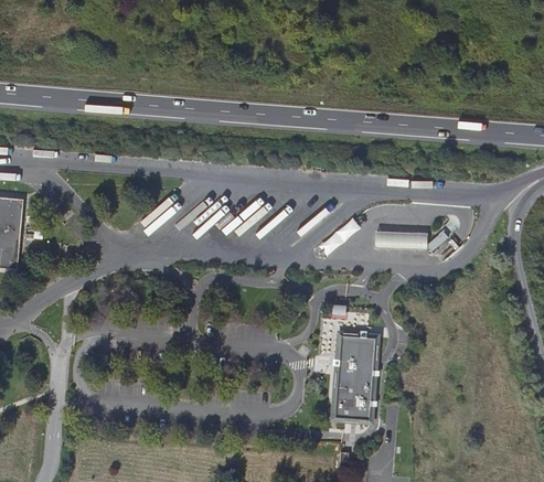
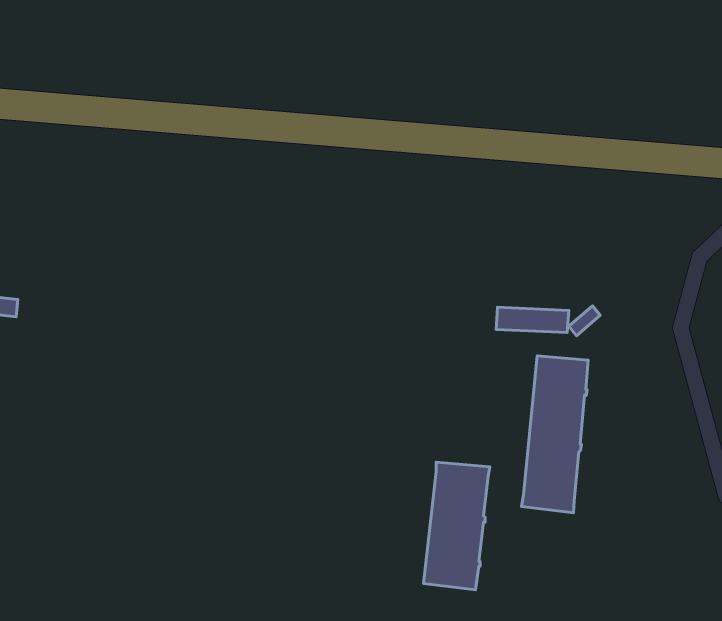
building: none -> [521,356,588,513]

